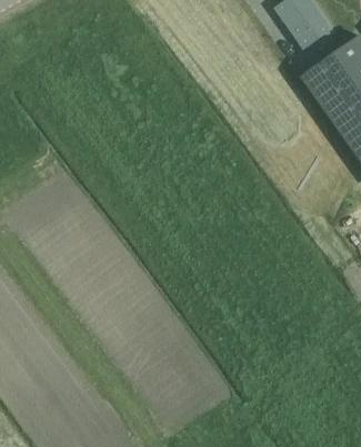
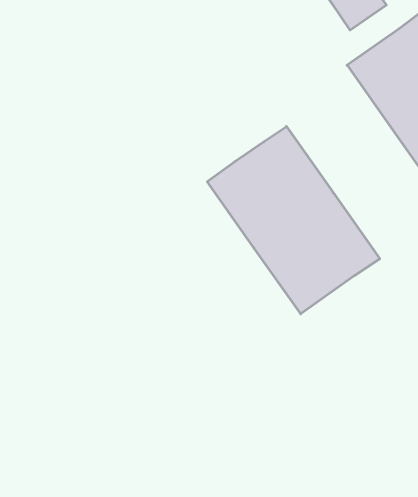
building: none -> [207,126,380,314]

